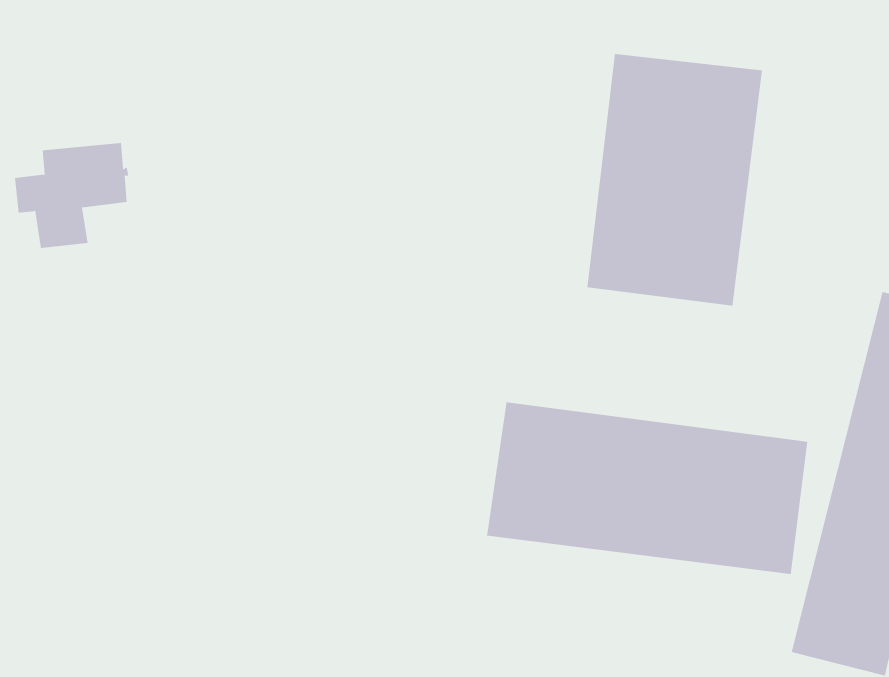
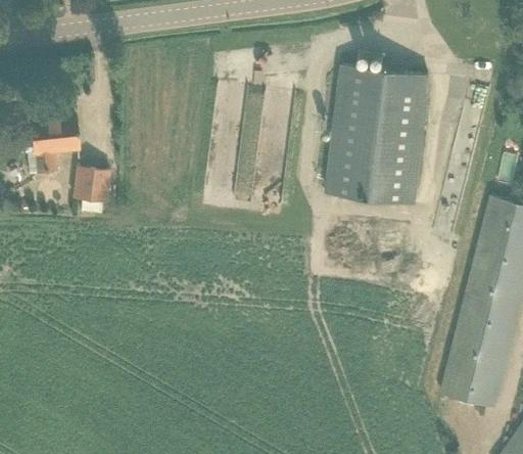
building: none -> [72,168,108,202]
building: [487,402,808,575] -> none

